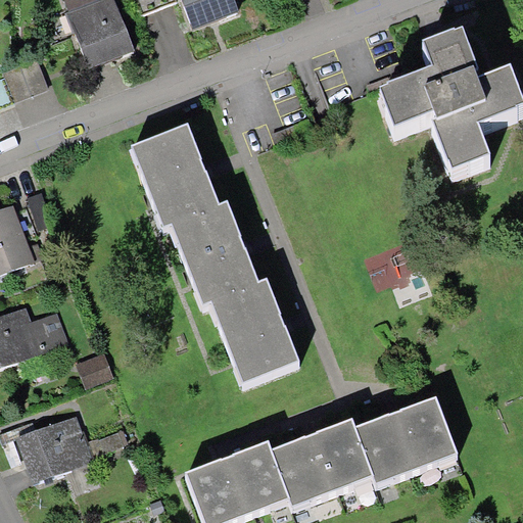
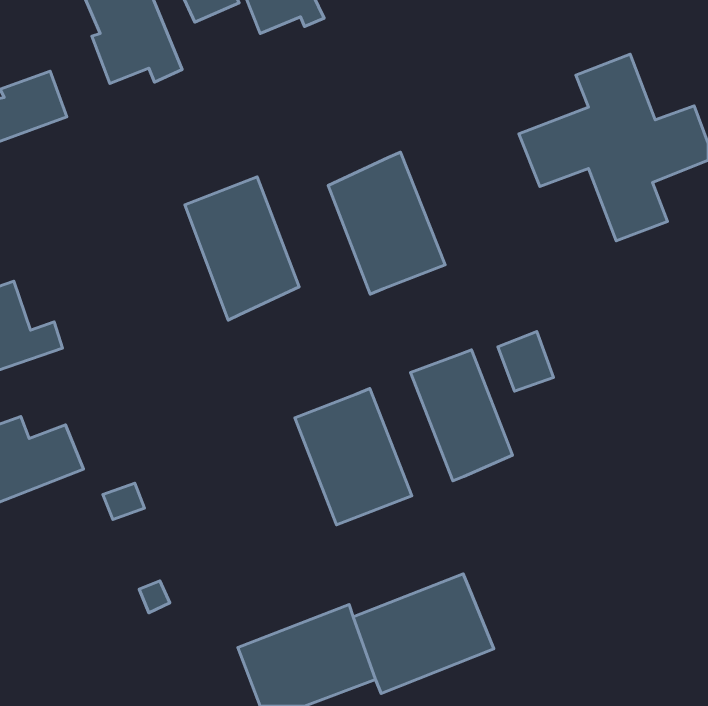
building: [176,206,262,311] -> [328,152,445,294]
building: none -> [411,350,513,481]
building: [344,400,444,485] -> none
building: [17,414,96,482] -> none

